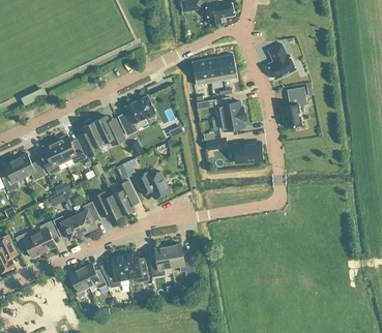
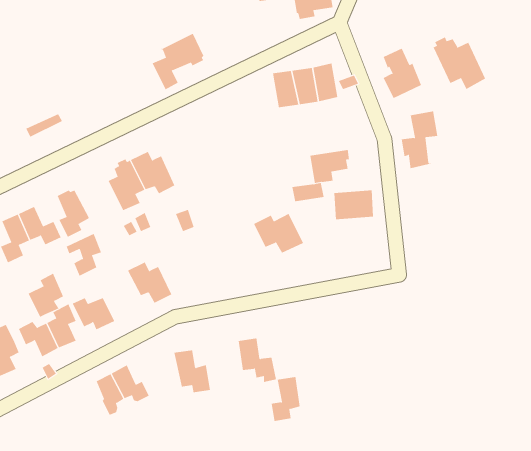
building: none -> [433,37,486,90]
building: [118,95,154,135] -> [152,32,204,90]
building: [214,97,244,118] -> none
building: [55,134,86,163] -> none
building: [135,171,170,199] -> [253,213,304,254]
building: [113,180,139,214] -> none
building: [75,202,99,233] -> [28,273,64,318]
building: [150,246,171,277] -> [271,377,301,421]
building: [102,254,128,287] -> none

